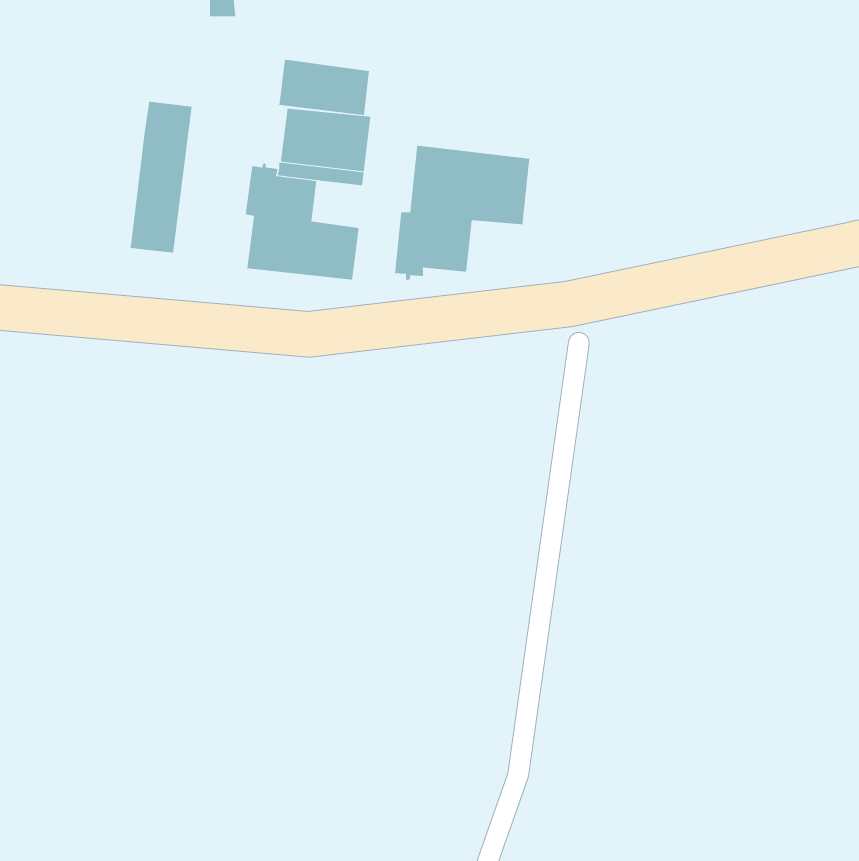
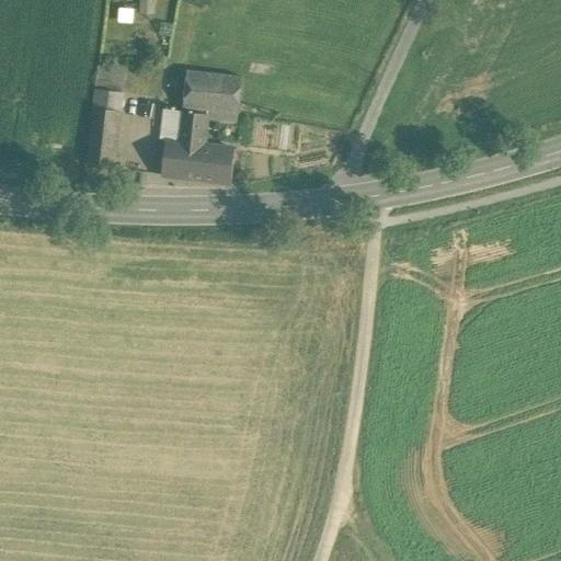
building: [279,59,369,116] -> none
building: [395,145,530,281] -> none

